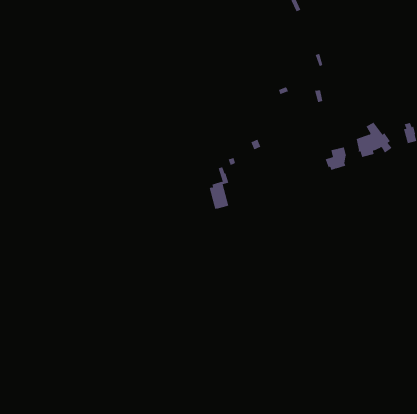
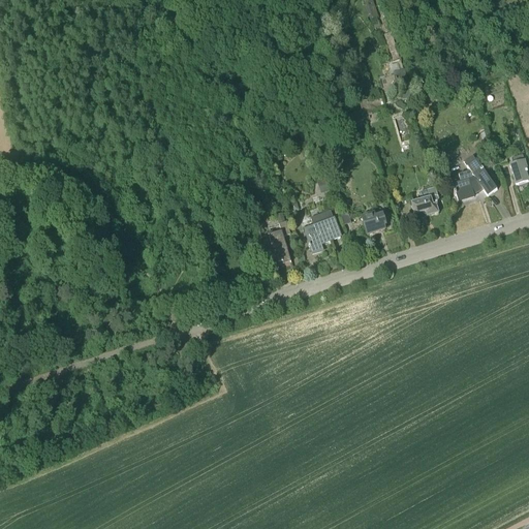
building: none -> [361,209,386,232]
building: none -> [302,217,340,252]

